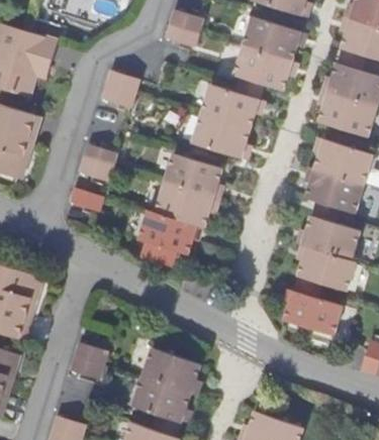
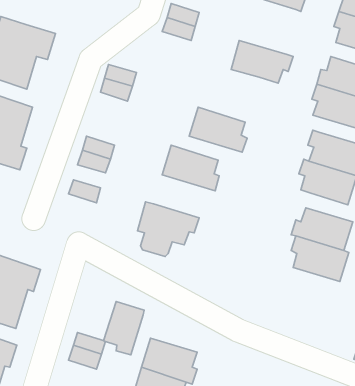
building: [244,16,307,61] -> none
building: [202,84,265,129] -> none
building: [157,183,219,226] -> none
building: [283,289,342,334] -> none
building: none -> [104,302,144,355]

